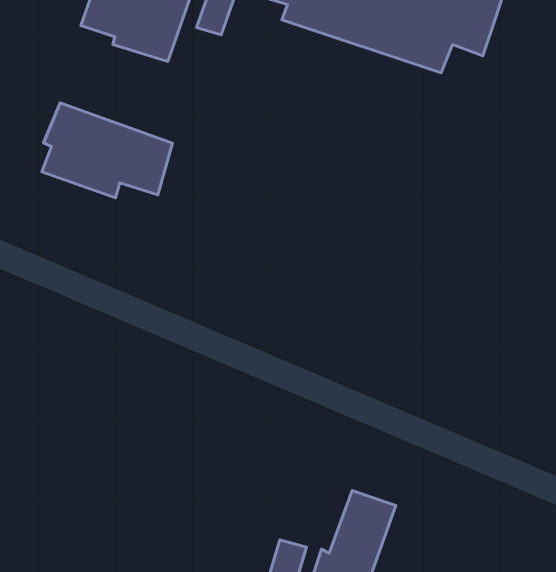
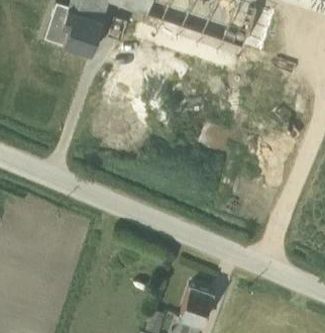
building: [42,103,173,198] -> none

